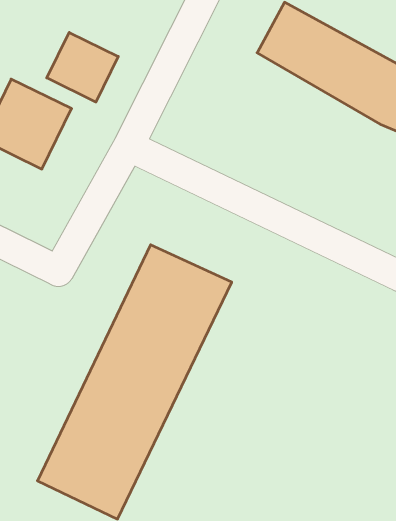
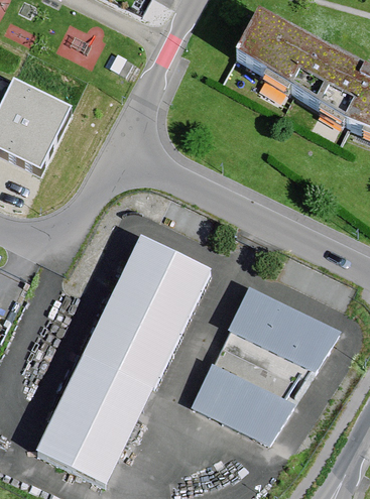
building: [47,32,118,102] -> none
building: none -> [184,284,334,450]

